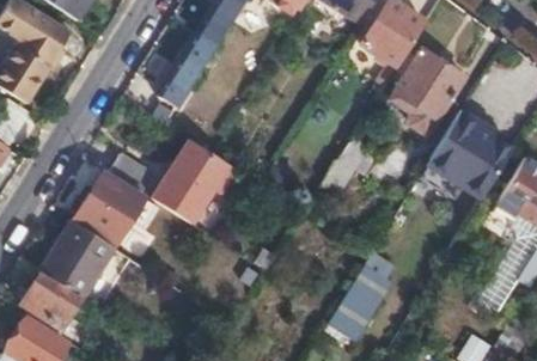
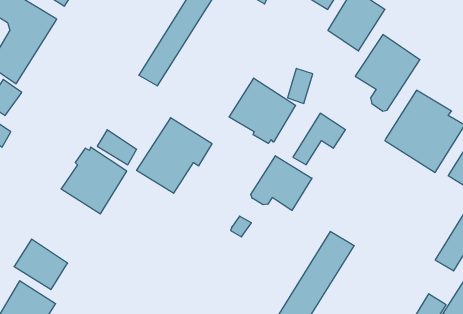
building: none -> [229,78,296,143]
building: none -> [251,156,312,210]
building: [41,222,130,311] -> none

